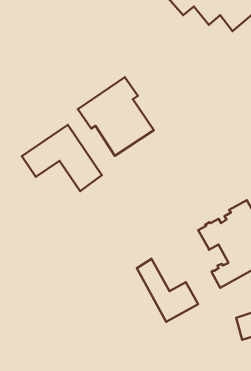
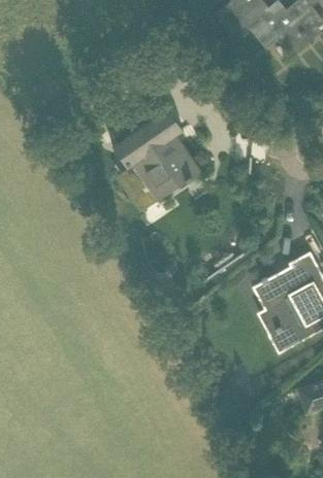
building: [22,125,102,191] -> none
building: [137,259,198,322] -> none

